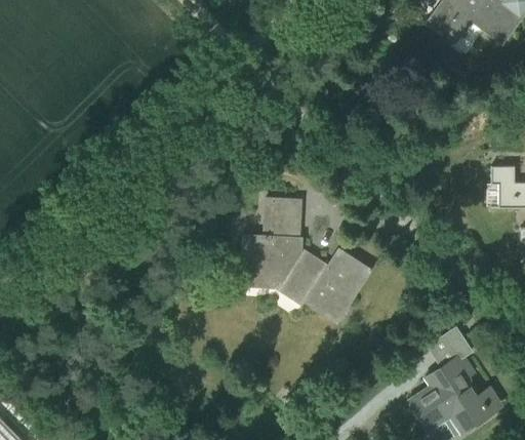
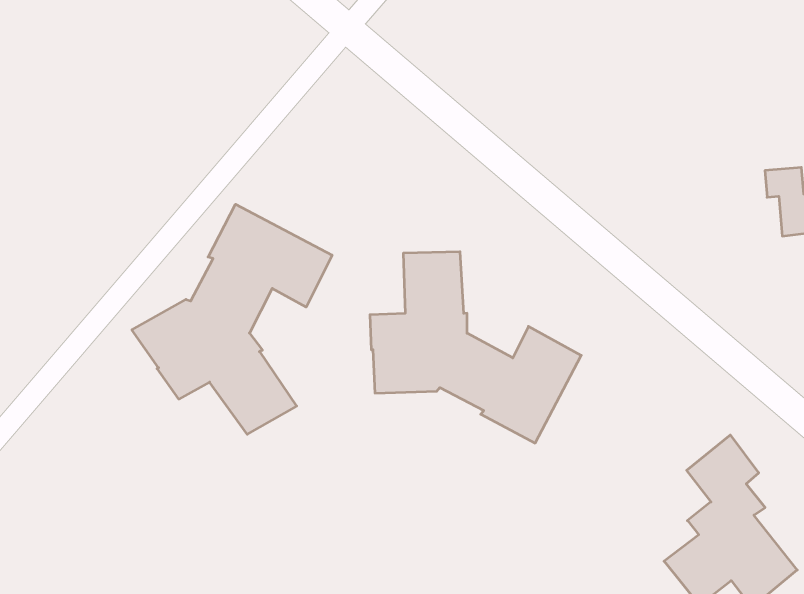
building: none -> [132,204,332,434]

